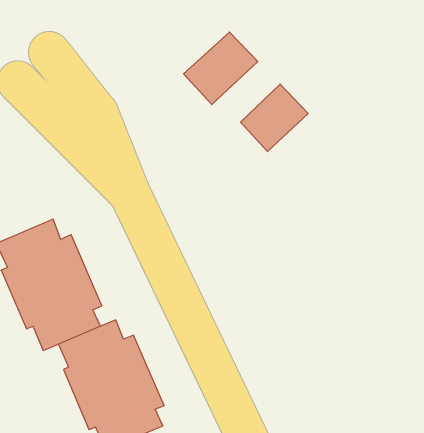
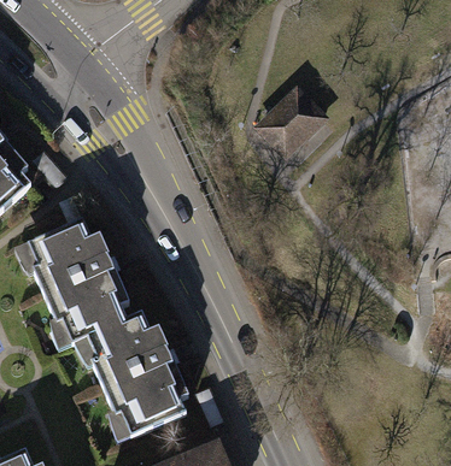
building: [184,32,258,105] -> none

